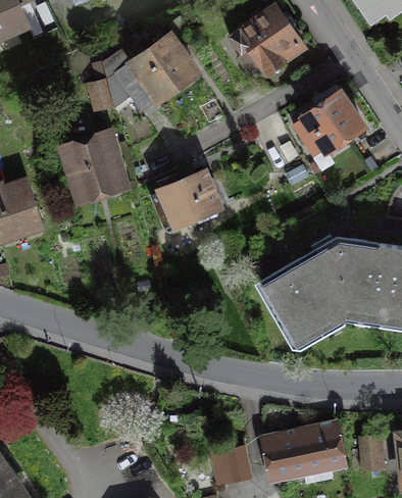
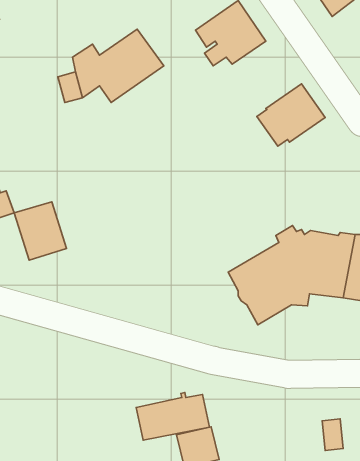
building: [67,138,121,198] -> [14,202,67,260]
building: [151,171,220,228] -> none
building: [269,427,345,476] -> [136,393,209,440]

